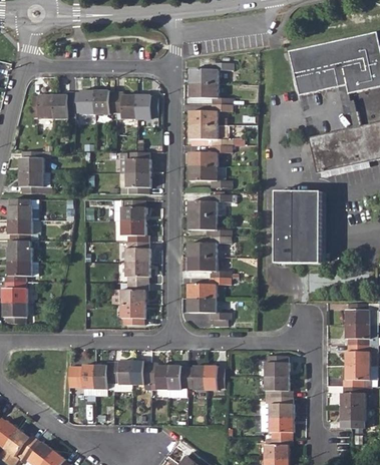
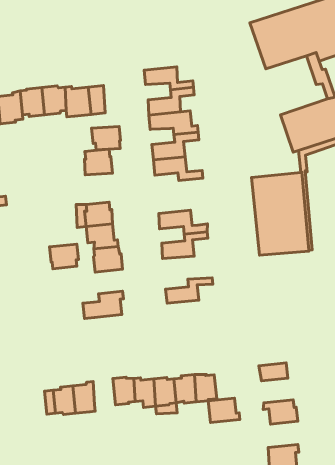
building: [187,63,231,84] -> none
building: [124,173,149,194] -> [92,126,121,150]
building: [187,194,231,215] -> none
building: [186,257,230,279] -> none
building: [124,263,149,283] -> [49,244,78,269]
building: [186,298,230,320] -> none
building: [119,304,144,324] -> none
building: [111,360,130,385] -> none
building: [265,377,292,397] -> [208,398,240,423]
building: [269,417,294,438] -> none

